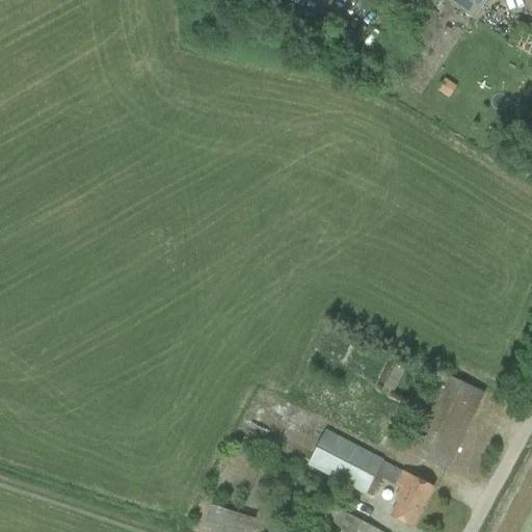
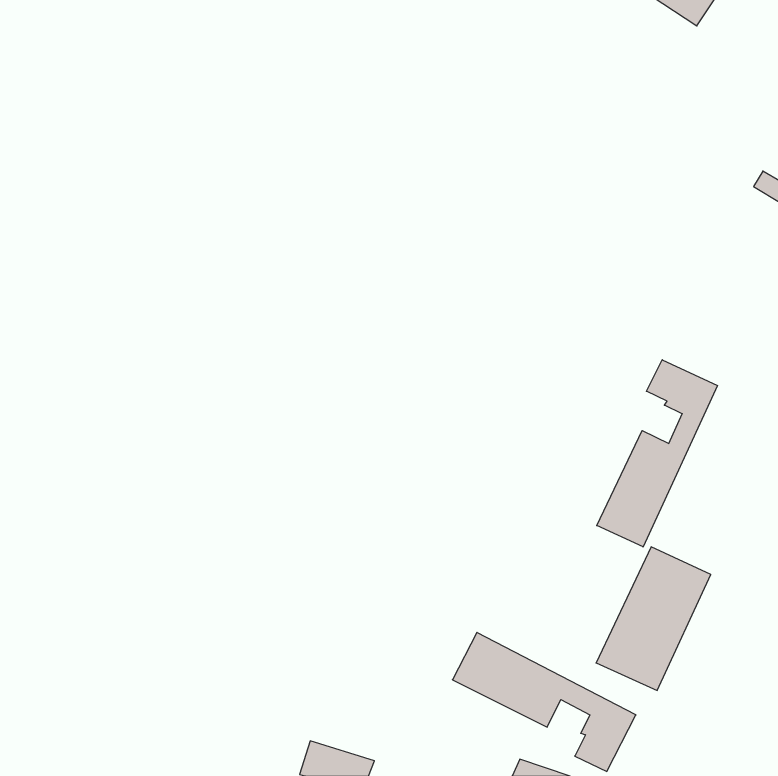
building: none -> [597,360,717,547]

